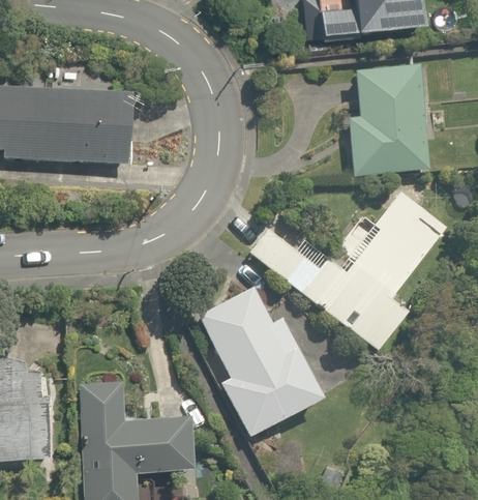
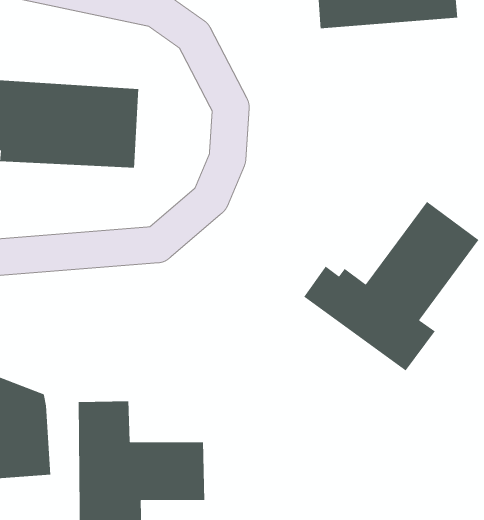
building: [345,59,431,173] -> none
building: [183,286,343,440] -> none

